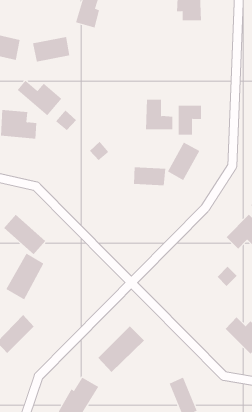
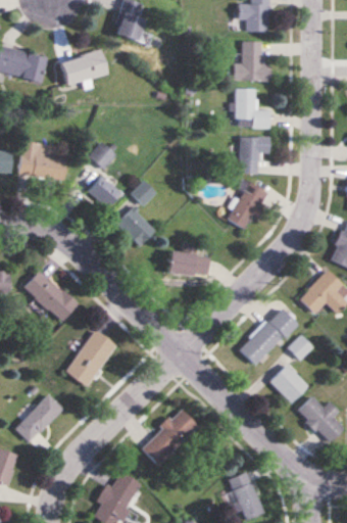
building: none -> [234,42,270,82]
building: [17,80,62,116] -> none
building: [145,99,173,130] -> [235,90,269,128]
building: none -> [88,177,120,208]
building: none -> [116,207,155,247]
building: [133,167,166,186] -> [168,252,209,276]
building: none -> [238,307,297,367]
building: [5,253,44,300] -> [66,330,114,388]
building: none -> [269,366,309,405]

